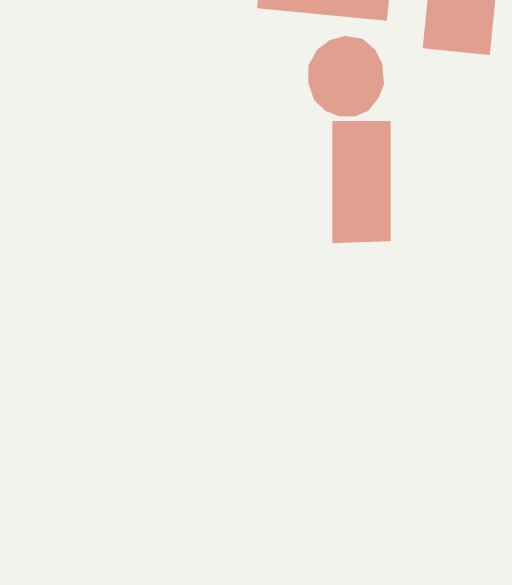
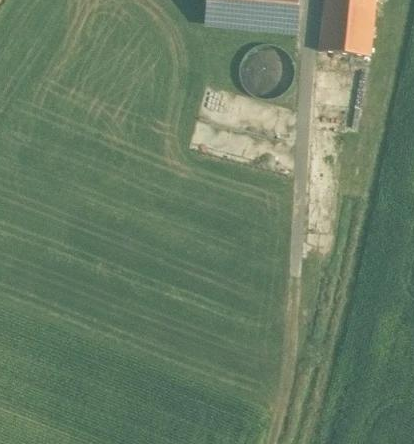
building: [332,120,391,244] -> none

